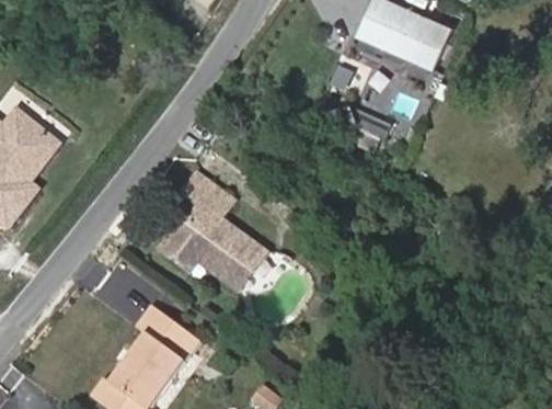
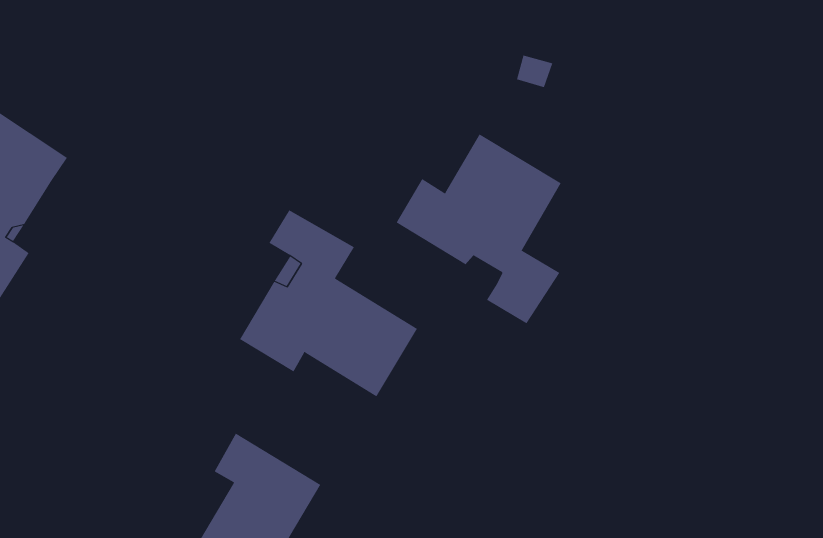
building: none -> [396,133,561,324]

